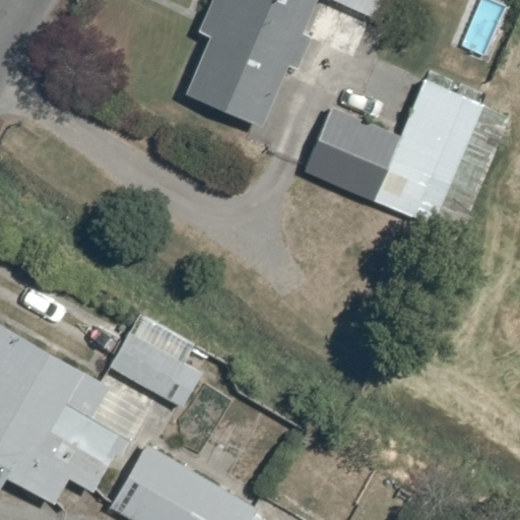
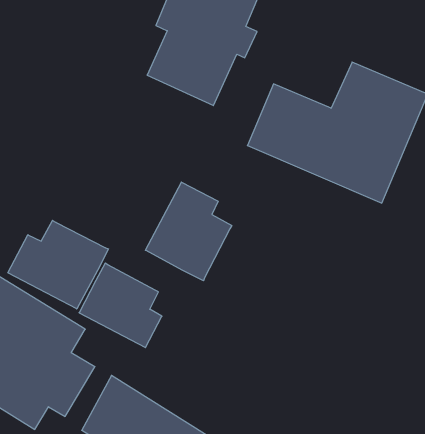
building: none -> [145,182,232,281]
building: none -> [8,220,108,309]

